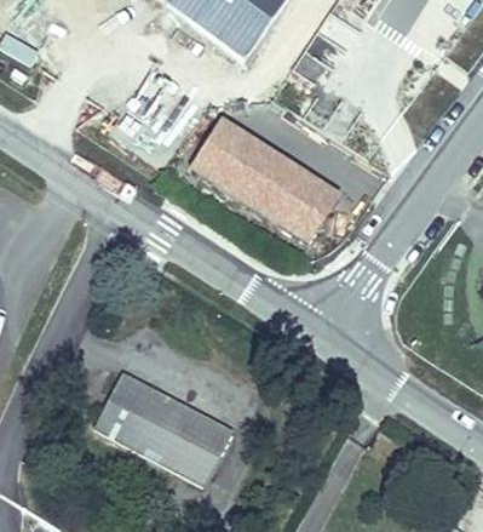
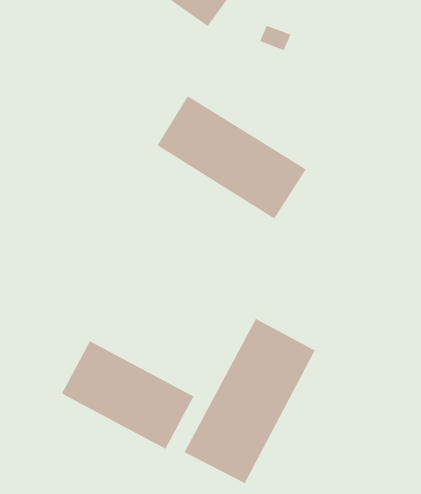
building: none -> [184,318,316,484]

